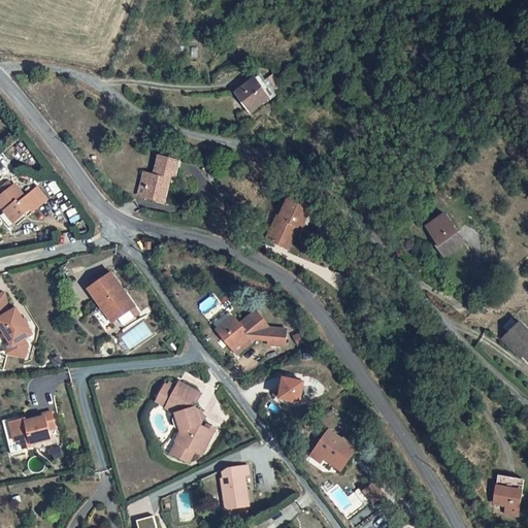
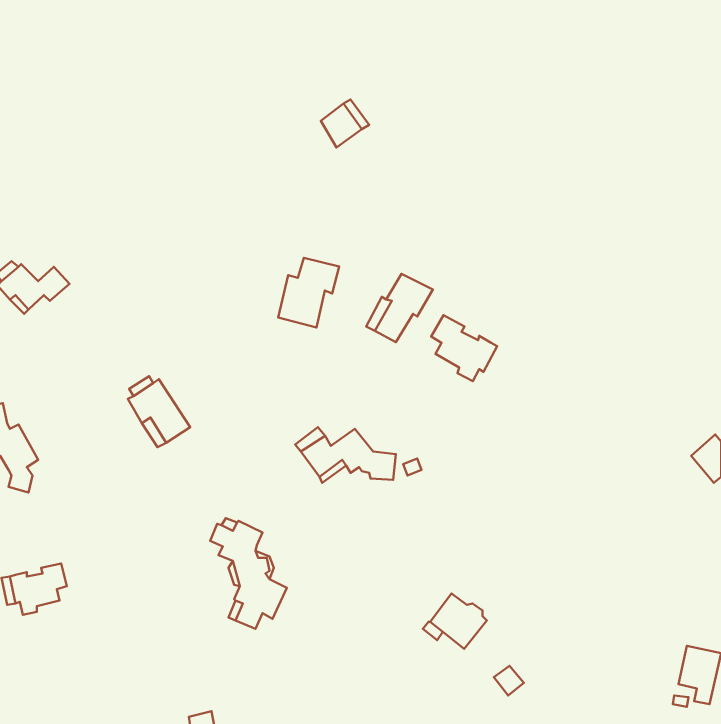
building: [133,155,177,205] -> [278,258,339,328]
building: [427,209,464,252] -> none
building: none -> [431,315,497,381]
building: [280,378,304,403] -> none
building: [220,461,255,509] -> none

